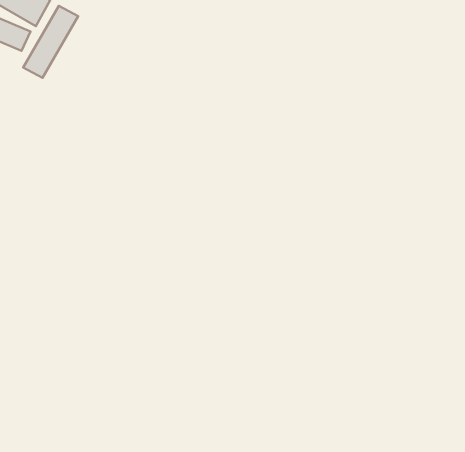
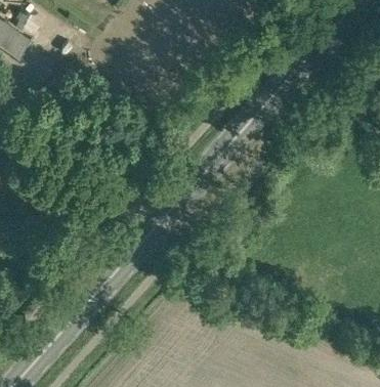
building: [23,6,78,78] -> none

